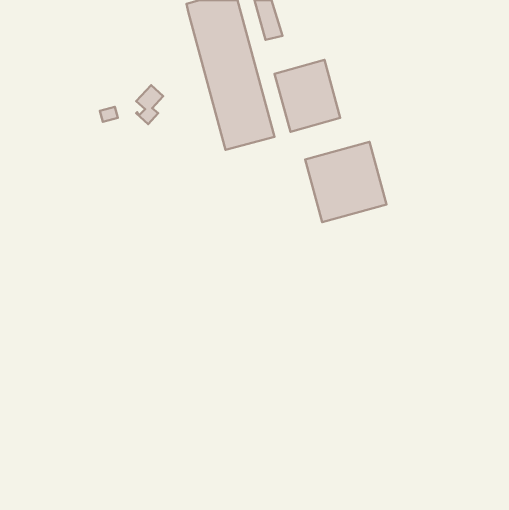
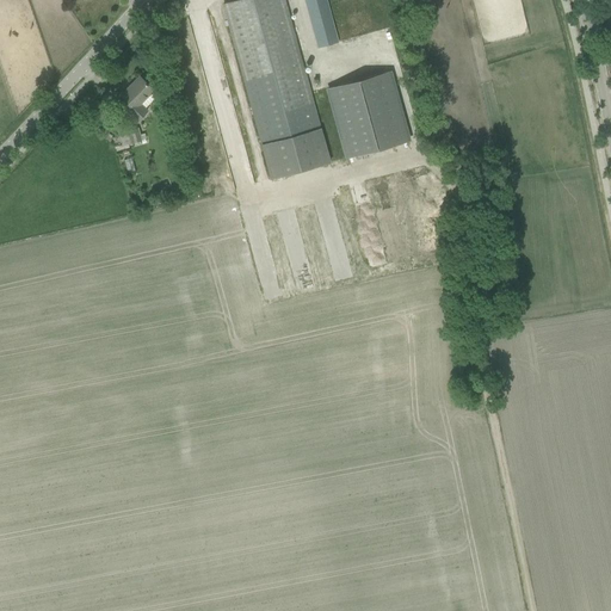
building: [136,85,163,124] -> [122,76,154,123]
building: [305,142,386,222] -> none

